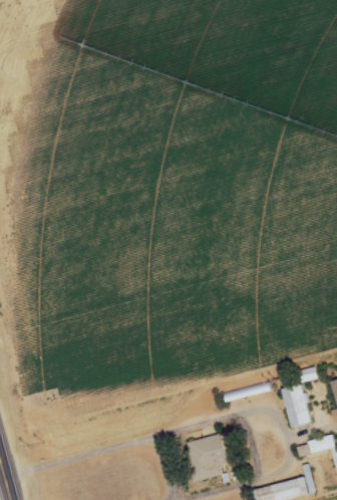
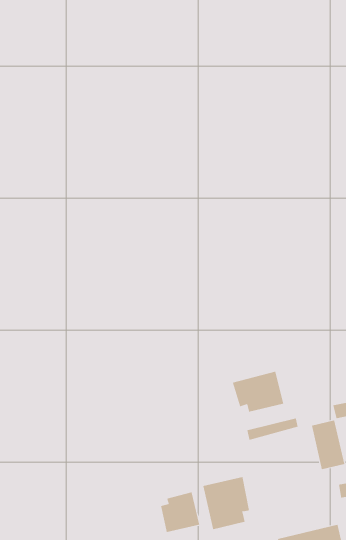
building: none -> [232,371,284,413]
building: none -> [160,491,200,533]

